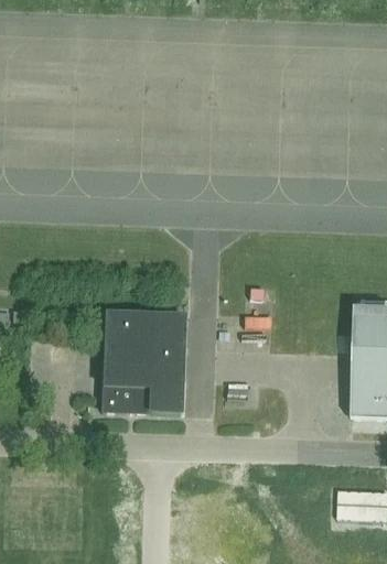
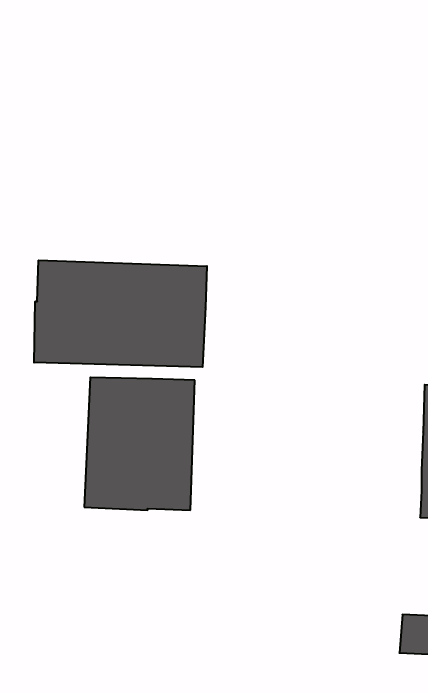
building: none -> [34,260,207,367]

